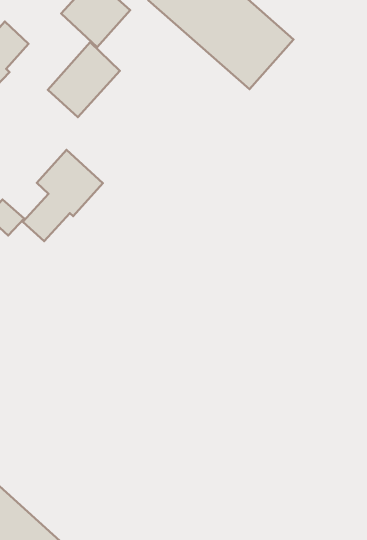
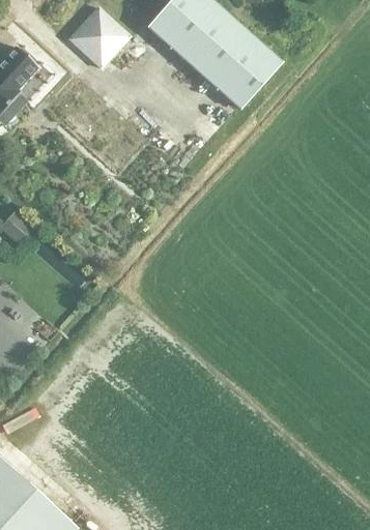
building: [48,42,120,117] -> none
building: [23,150,103,241] -> none

